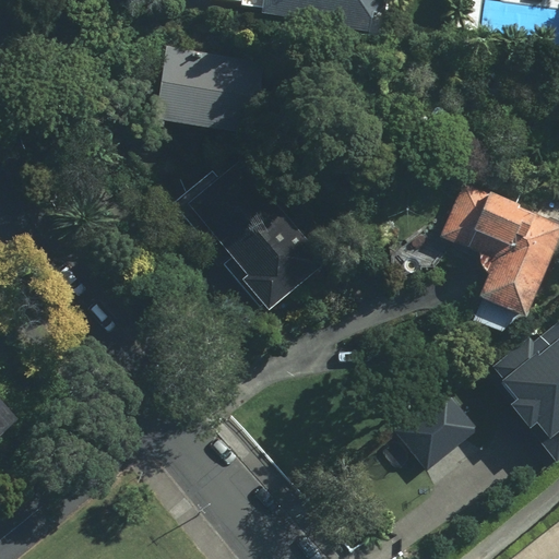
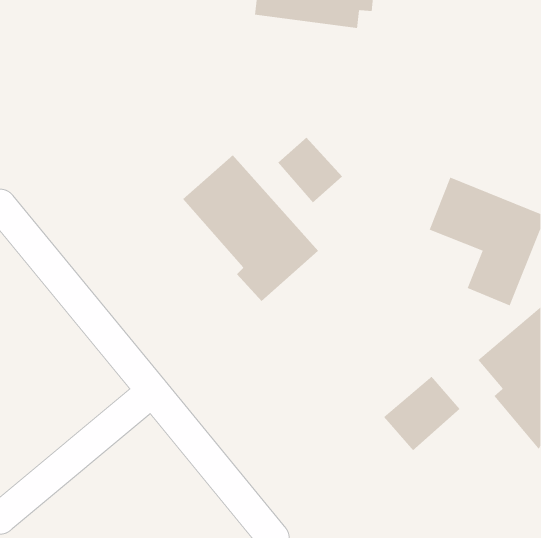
building: [155,46,264,135] -> none
building: none -> [278,137,343,203]

